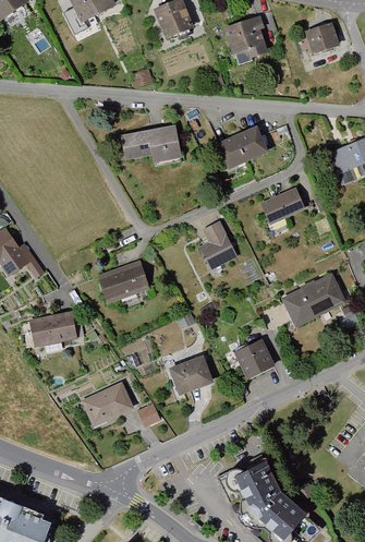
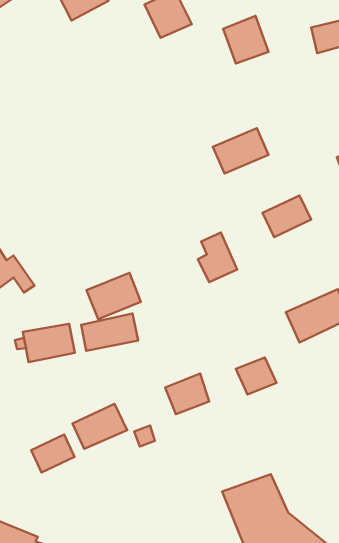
building: [119,124,179,164] -> none
building: none -> [81,314,138,351]
building: none -> [31,434,75,472]

